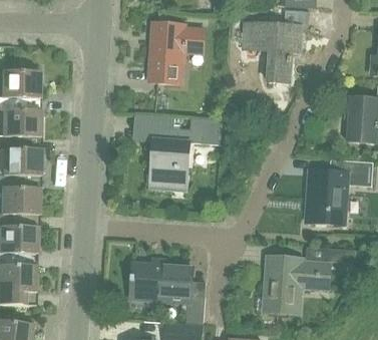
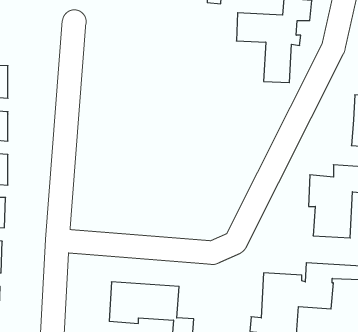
building: [148,22,205,85] -> none
building: [143,113,223,190] -> none

